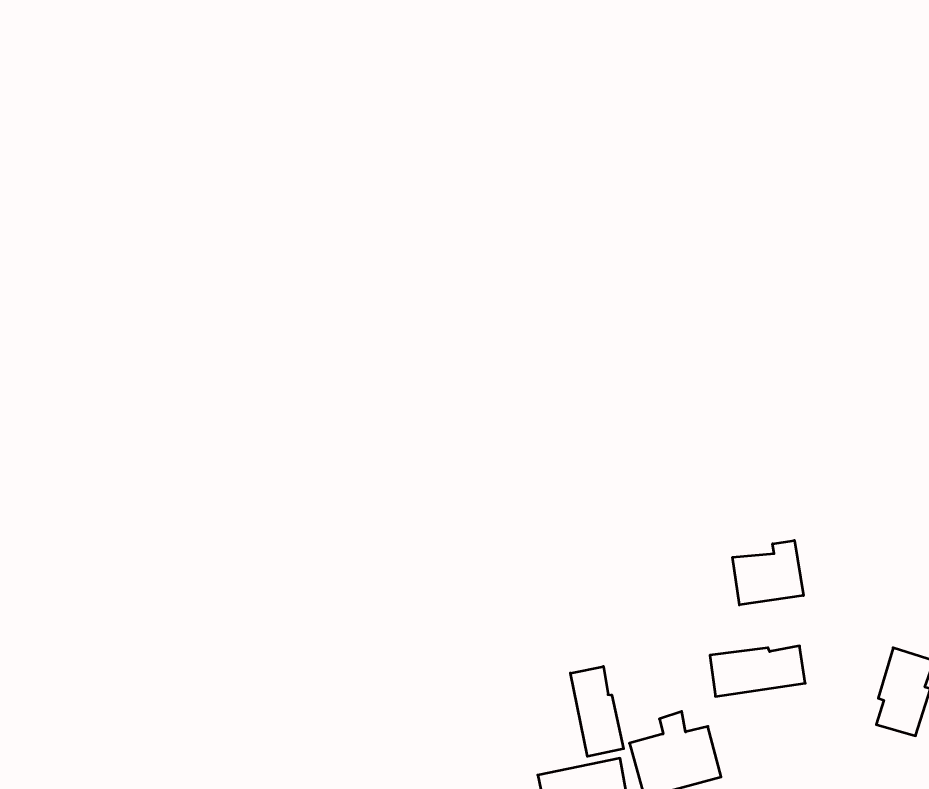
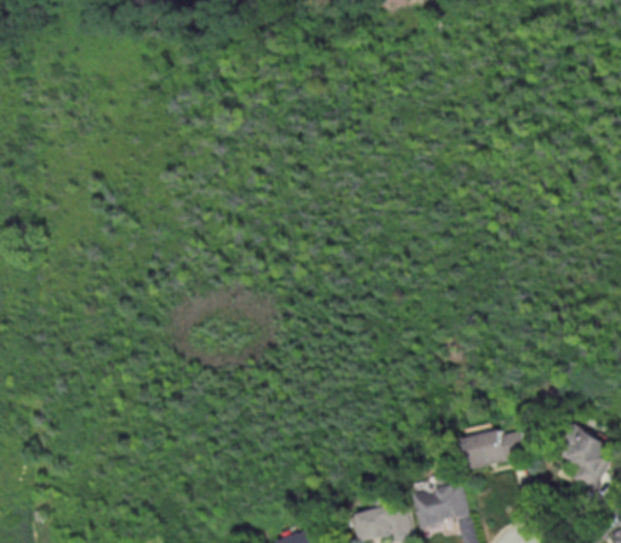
building: [733,540,803,605] -> none
building: [570,666,624,756] -> none

